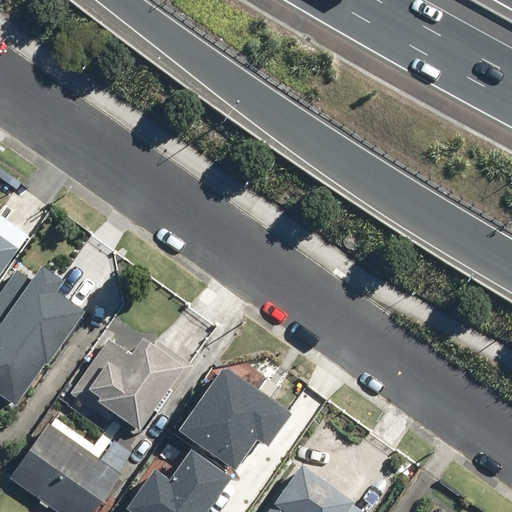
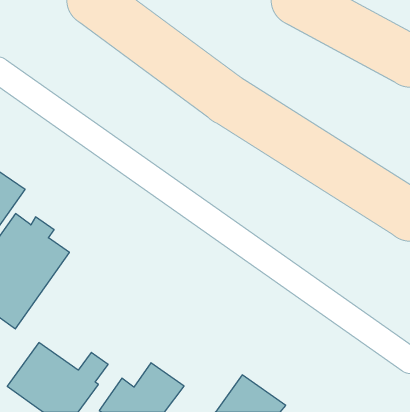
building: [69,337,188,434] -> none
building: [174,366,288,471] -> none

